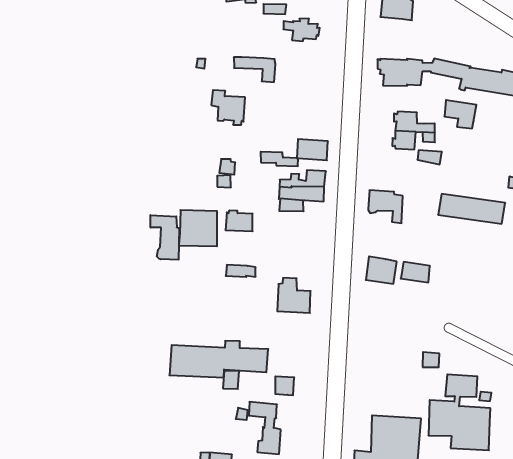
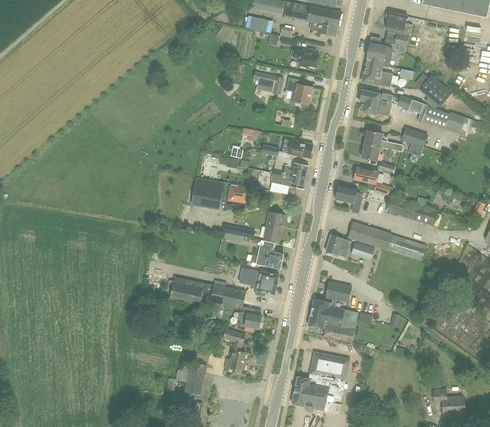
building: none -> [360,58,392,86]
building: none -> [416,74,451,106]
building: [211,90,245,125] -> [286,78,312,107]
building: none -> [354,167,389,195]
building: [150,215,179,260] -> none
building: none -> [347,222,427,261]
building: none -> [263,211,285,241]
building: none -> [242,267,279,295]
building: [428,374,490,450] -> [308,281,357,342]

